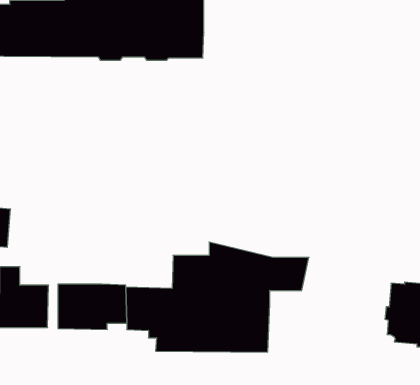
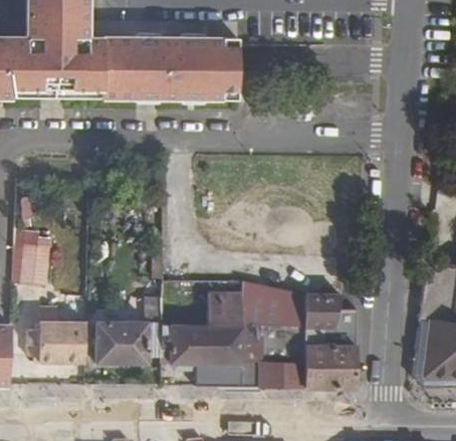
building: none -> [299,319,356,388]

